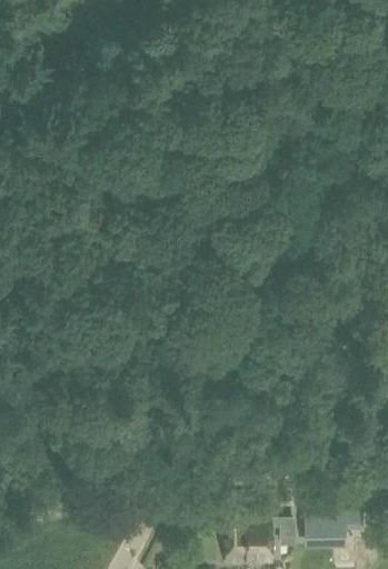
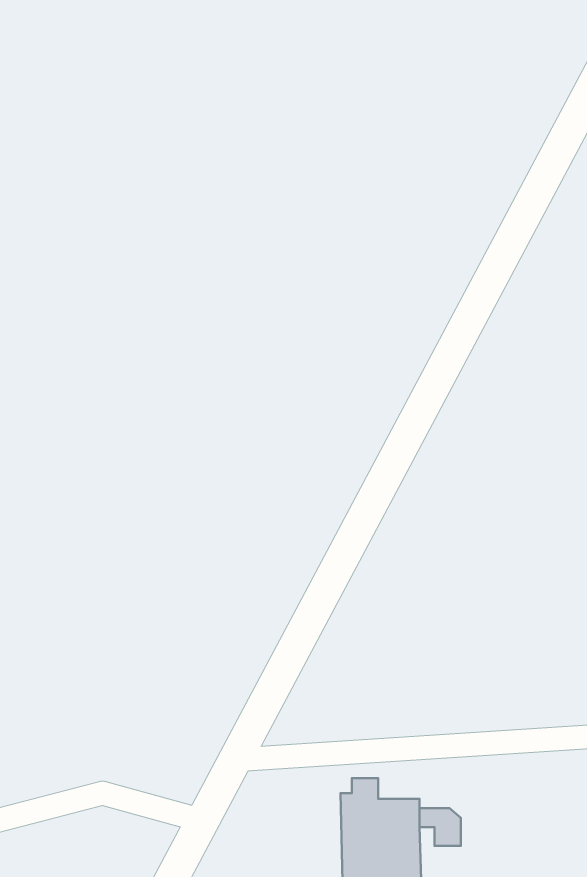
building: [306,510,365,549] -> none

